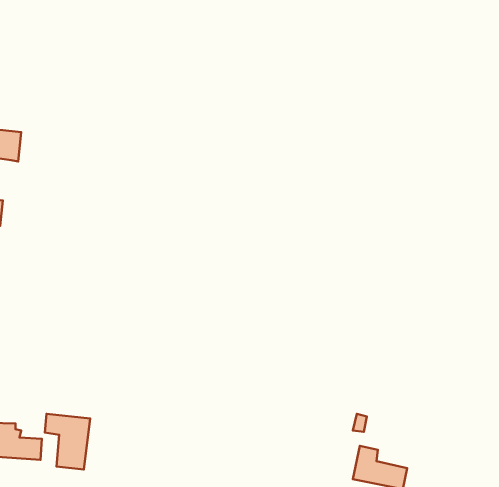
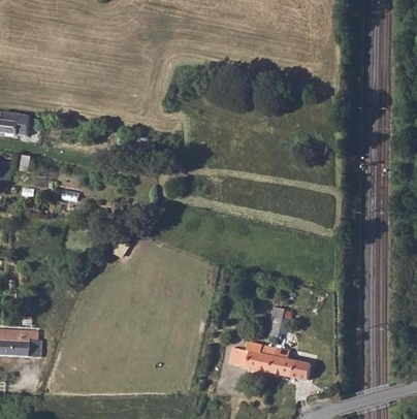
building: [45,414,90,470] -> none
building: none -> [235,340,277,370]

